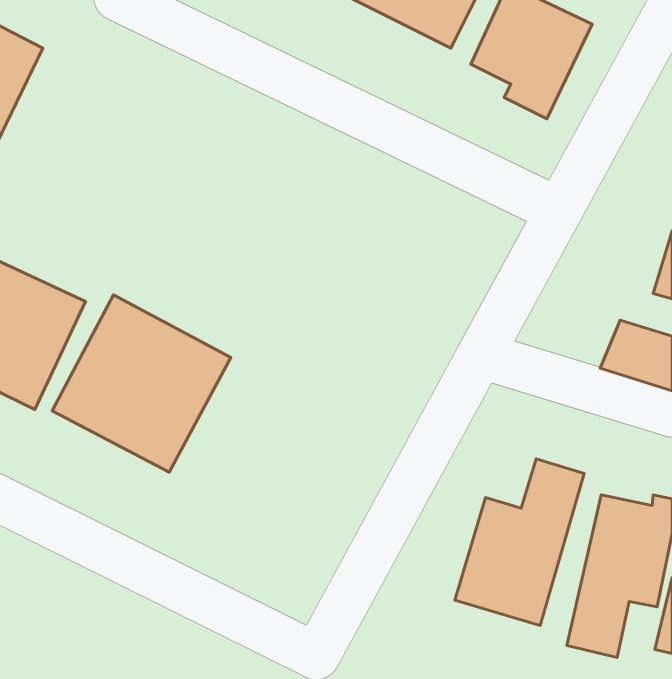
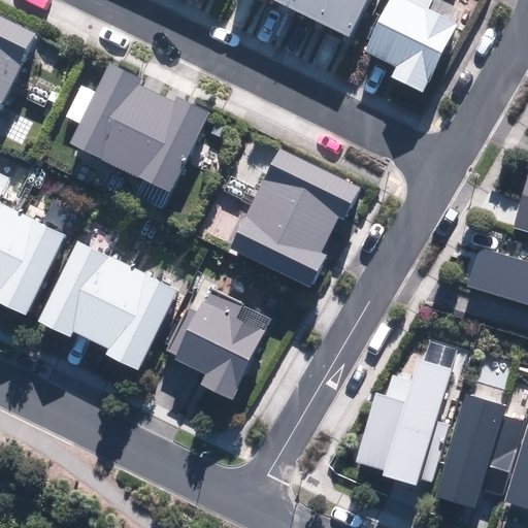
building: none -> [73,67,209,194]
building: none -> [230,148,360,288]
building: none -> [171,289,268,400]

